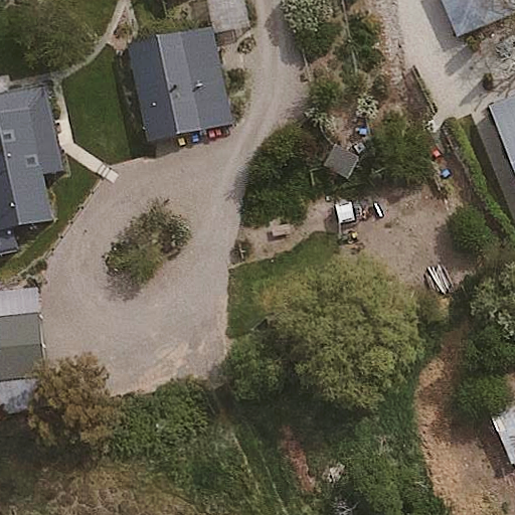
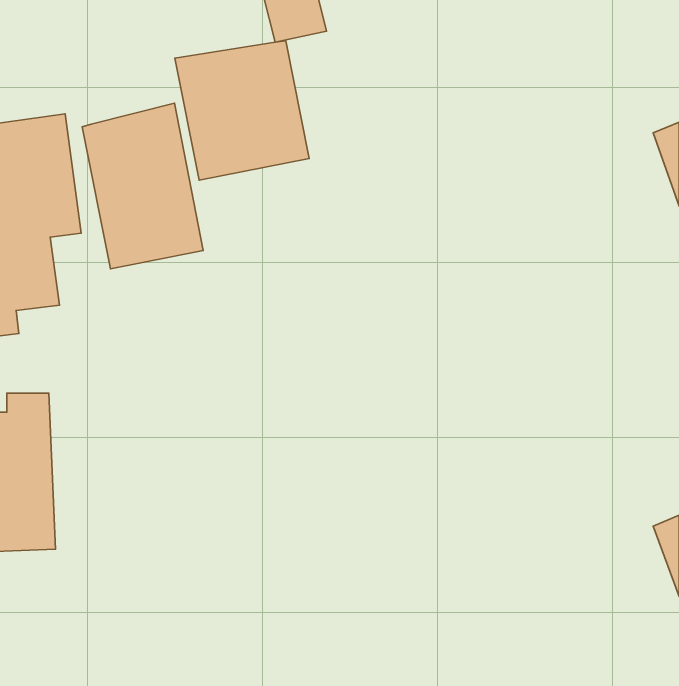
building: none -> [82,103,203,269]

